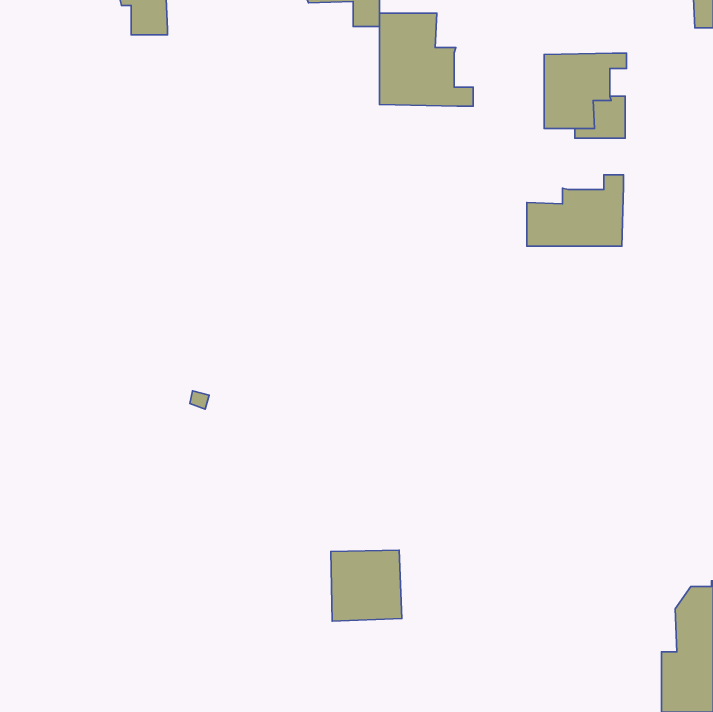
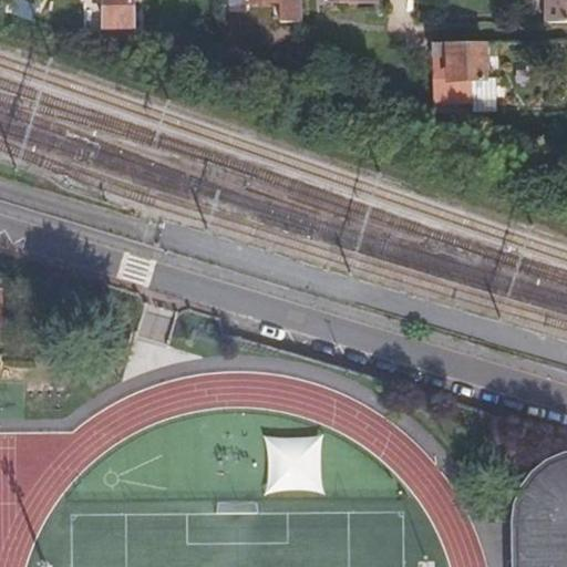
building: [380,13,473,106] -> none
building: [527,175,624,246] -> none

